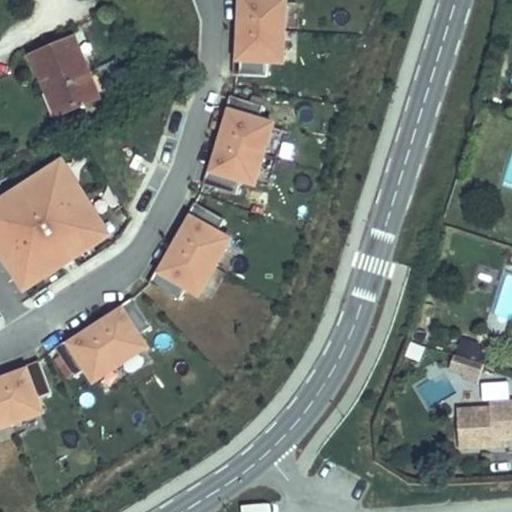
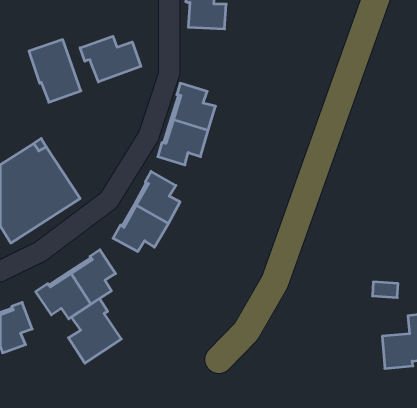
building: [227,33,278,82] -> none
building: none -> [80,36,141,82]
building: none -> [68,299,121,363]

